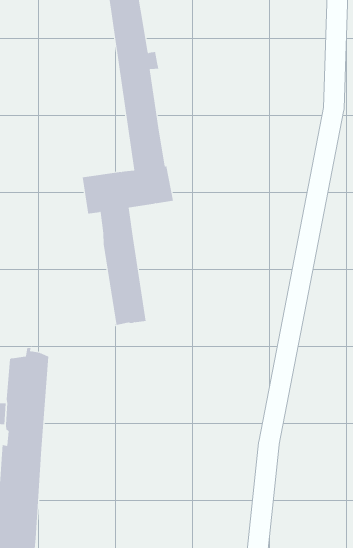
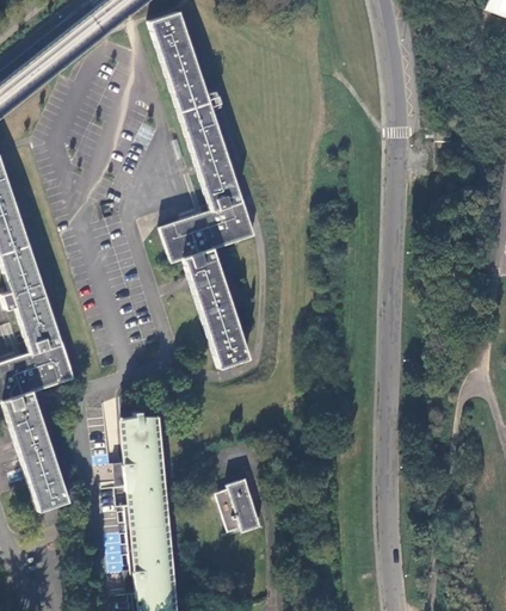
building: none -> [217,475,264,532]

